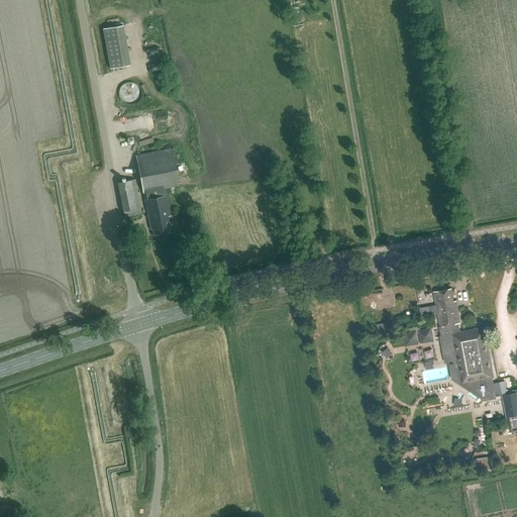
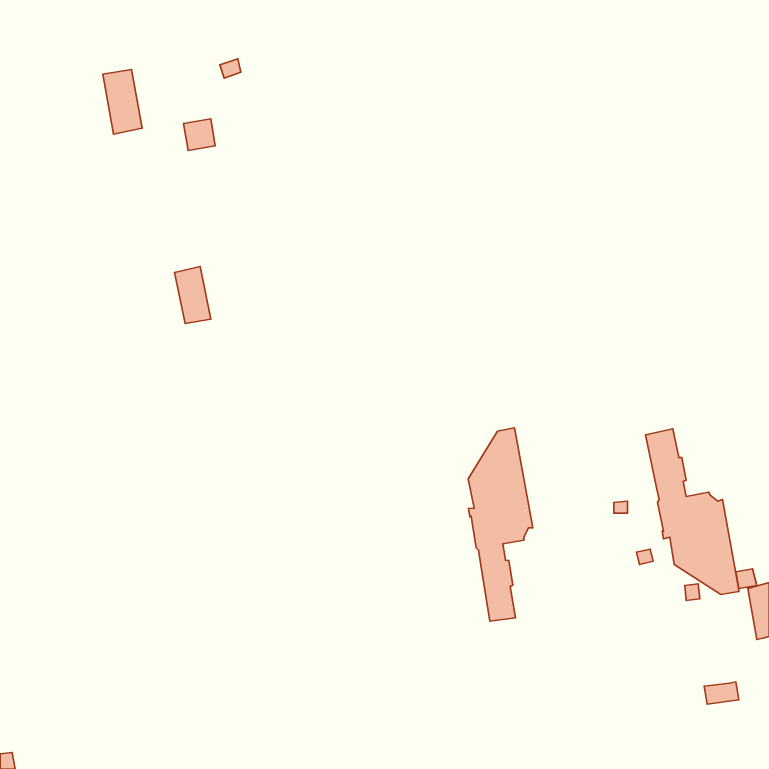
building: [104,26,130,70] -> [103,69,142,134]
building: [135,148,179,235] -> none
building: none -> [468,428,533,621]

